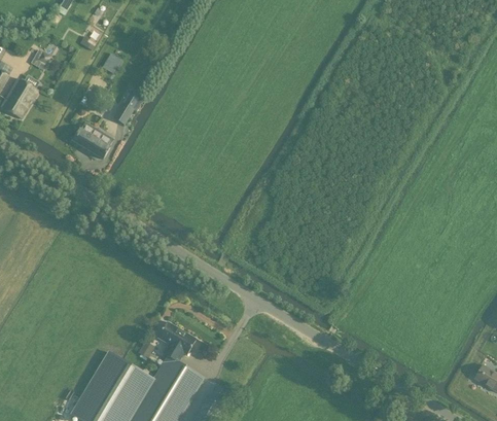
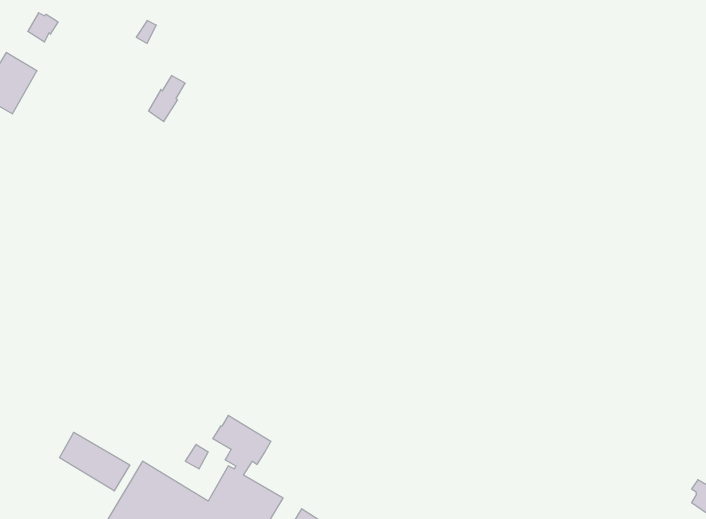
building: [72,121,112,157] -> none
building: none -> [60,432,130,491]

